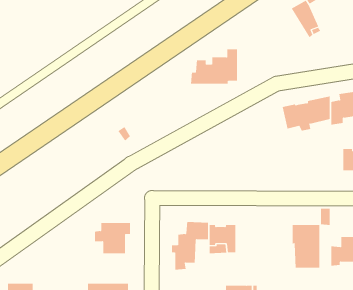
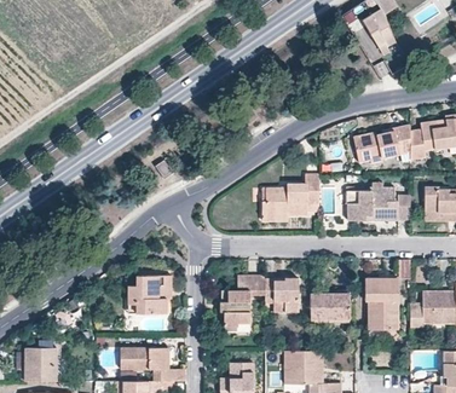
building: [190,49,238,84] -> [261,174,318,216]
building: none -> [346,187,410,221]
building: none -> [310,293,350,319]

